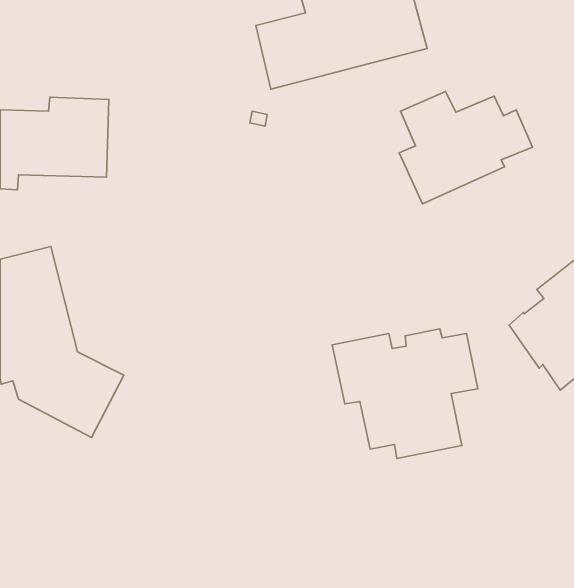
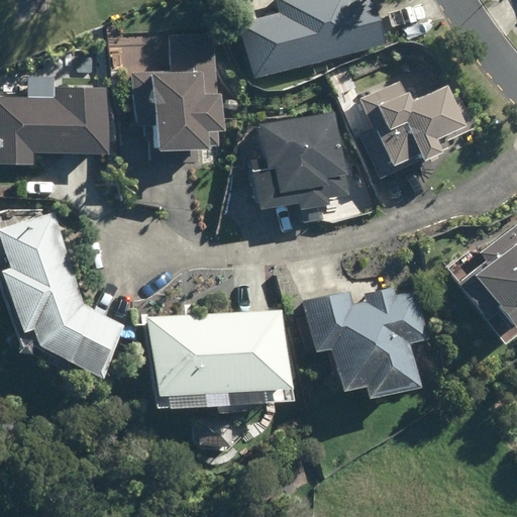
building: none -> [134,32,223,151]
building: none -> [249,111,346,210]
building: none -> [147,313,287,409]

